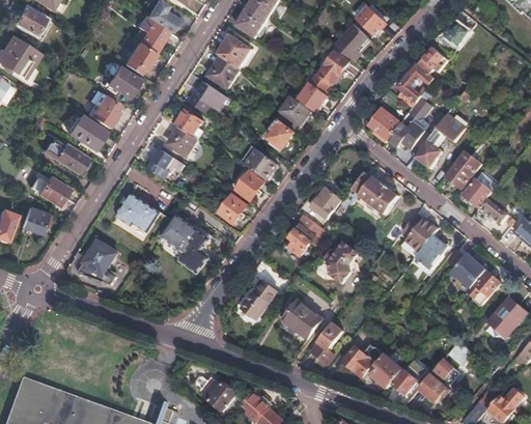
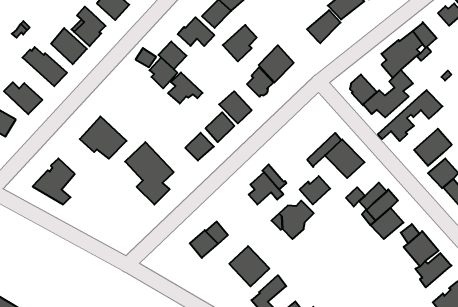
building: [298,73,330,110] -> [223,25,257,61]
building: [150,147,185,178] -> [168,72,203,104]
building: [310,188,340,217] -> [300,176,330,204]

